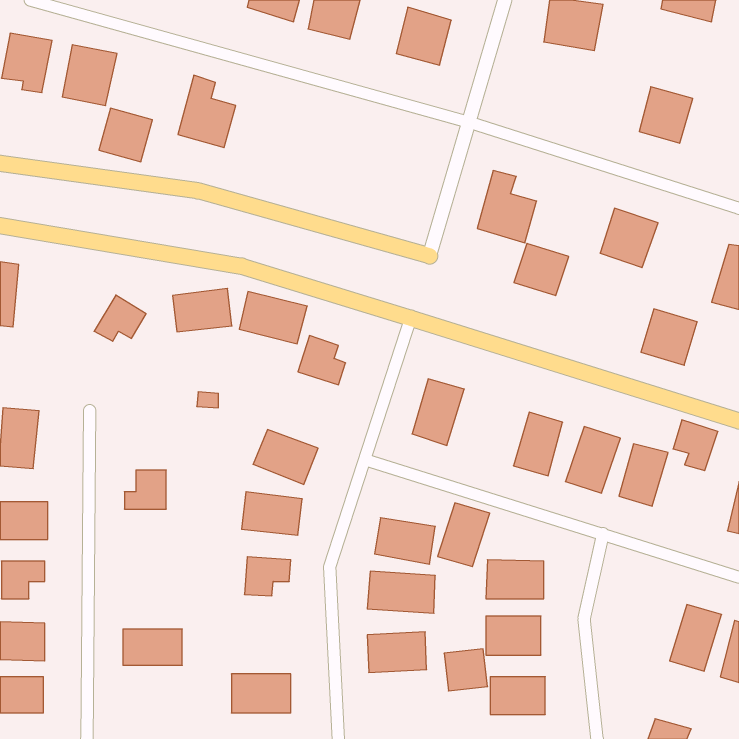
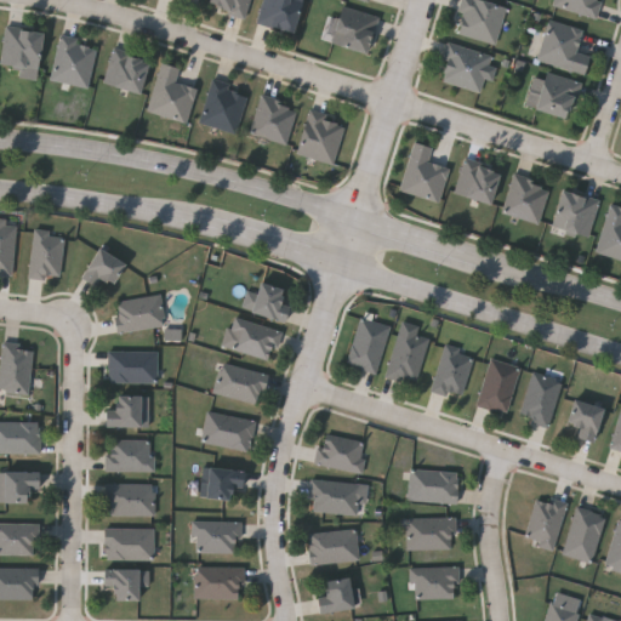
building: none -> [537,21,591,74]
building: none -> [439,44,491,92]
building: none -> [201,81,250,135]
building: [99,108,152,162] -> [104,50,149,95]
building: none -> [251,97,298,146]
building: none -> [297,112,347,165]
building: [514,243,569,296] -> [455,161,501,205]
building: none -> [29,229,64,279]
building: [173,288,232,332] -> [114,295,164,331]
building: [239,292,307,344] -> [223,317,280,360]
building: [641,309,697,365] -> [552,192,599,239]
building: none -> [107,351,156,382]
building: [673,420,718,471] -> [565,399,603,441]
building: [438,503,490,567] -> [384,331,428,384]
building: none -> [106,439,153,471]
building: none -> [104,483,153,515]
building: none -> [524,496,565,548]
building: none -> [193,520,239,553]
building: [444,649,488,691] -> [315,577,352,613]
building: none -> [102,569,137,600]

